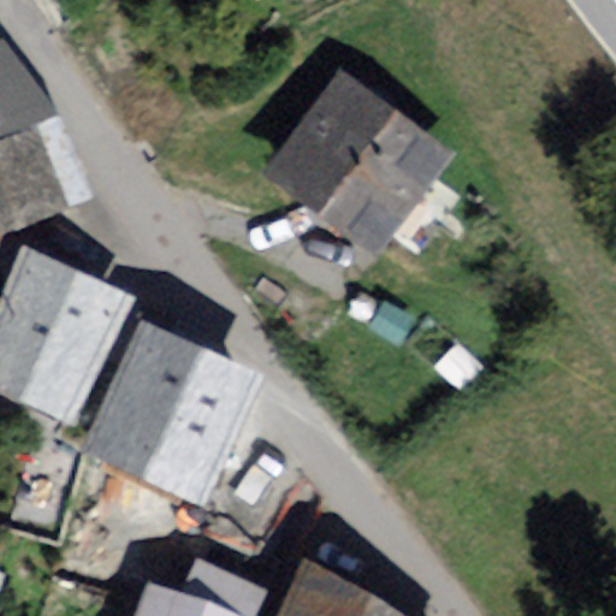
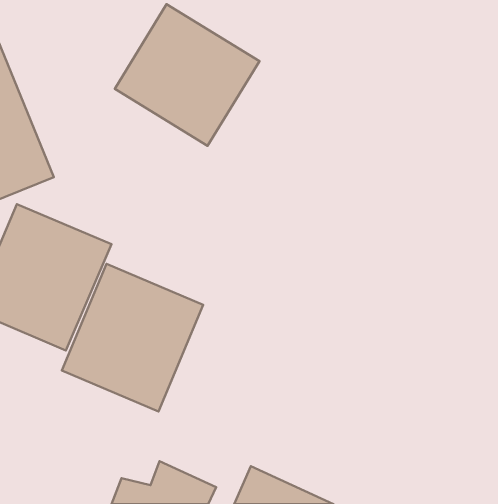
building: none -> [115,4,259,146]
building: [267,73,457,261] -> none

